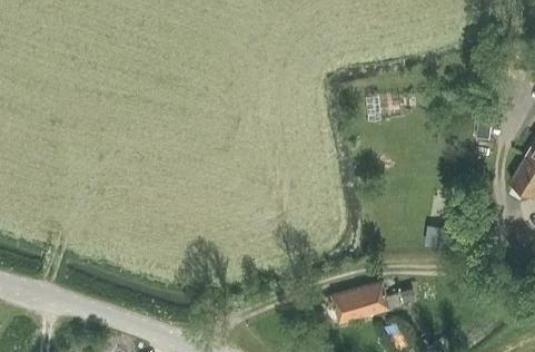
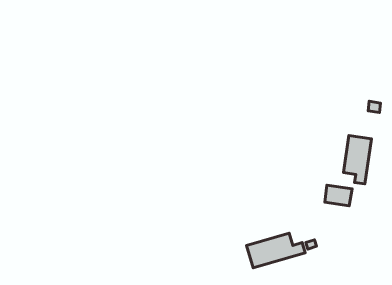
building: none -> [344,135,371,184]

